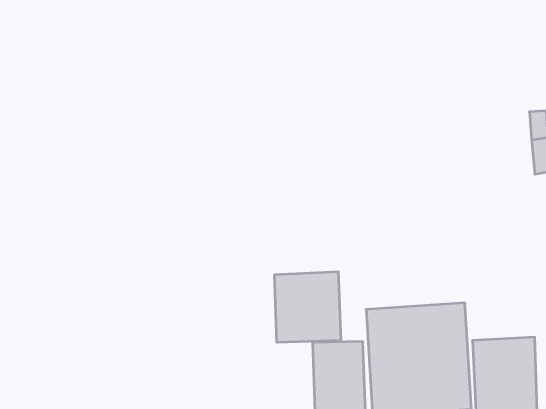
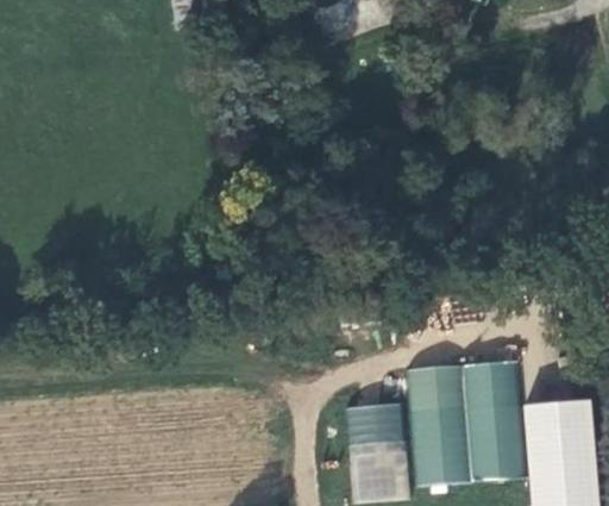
building: [275,272,341,342] -> none

